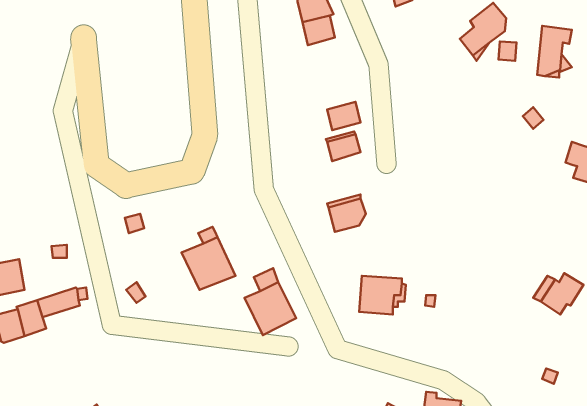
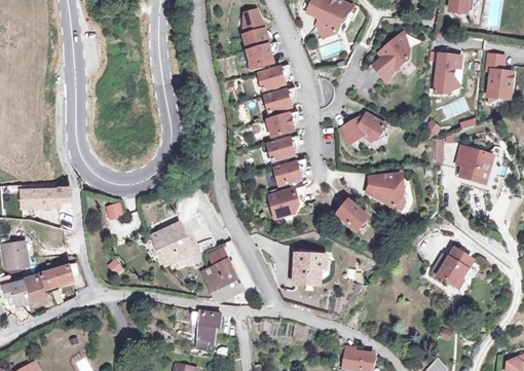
building: none -> [258,67,285,90]
building: none -> [264,90,291,113]
building: none -> [340,113,385,143]
building: none -> [273,163,301,185]
building: none -> [369,173,402,207]
building: none -> [20,184,69,207]
building: none -> [336,199,368,230]
building: none -> [196,310,222,350]

